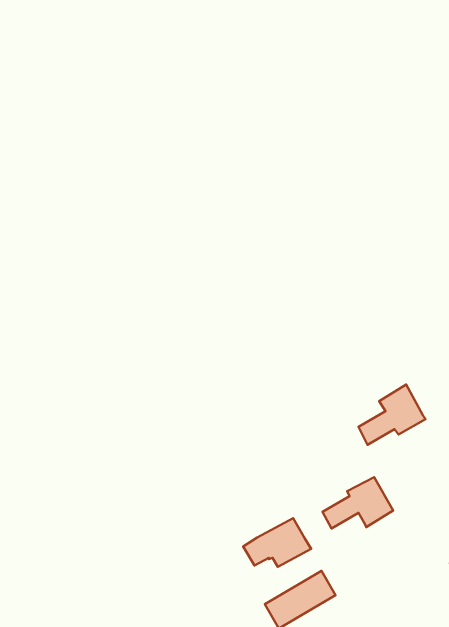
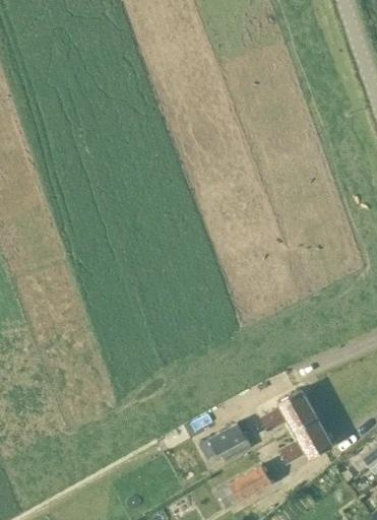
building: [359,384,425,445] -> [279,416,332,464]

